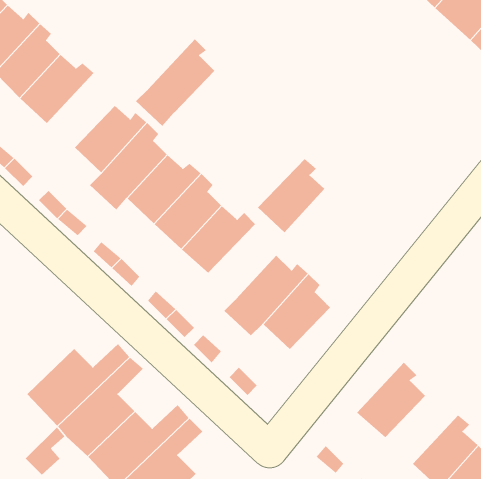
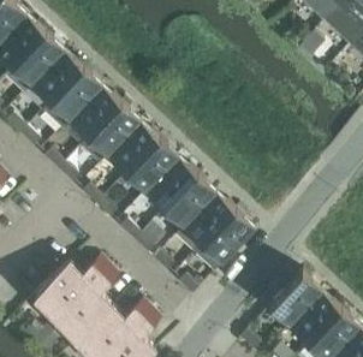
building: [135,38,215,127] -> [42,67,99,130]
building: [257,158,325,233] -> [165,174,213,227]
building: none -> [290,296,341,344]

